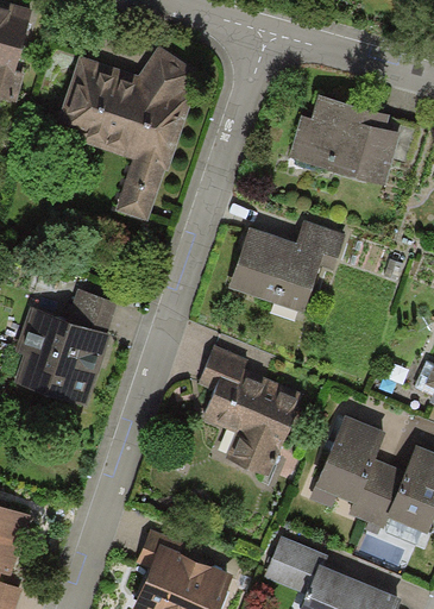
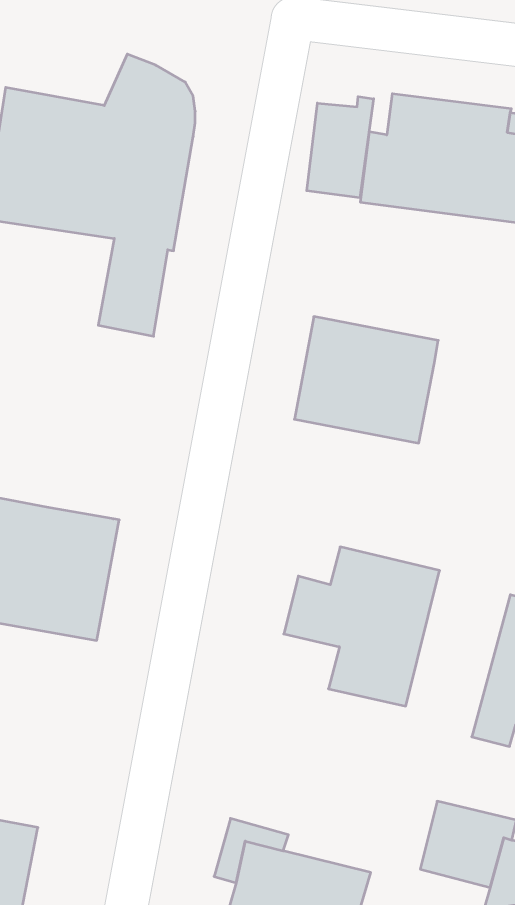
building: none -> [307,97,374,198]
building: [296,220,346,271] -> none
building: [67,288,117,332] -> none
building: [197,345,249,393] -> none

